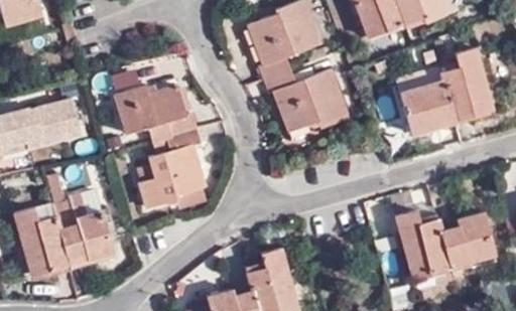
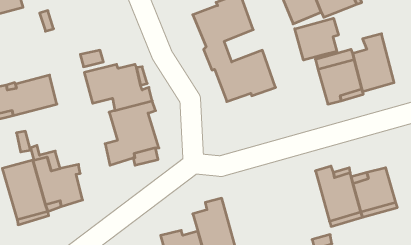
building: none -> [295,18,338,60]

